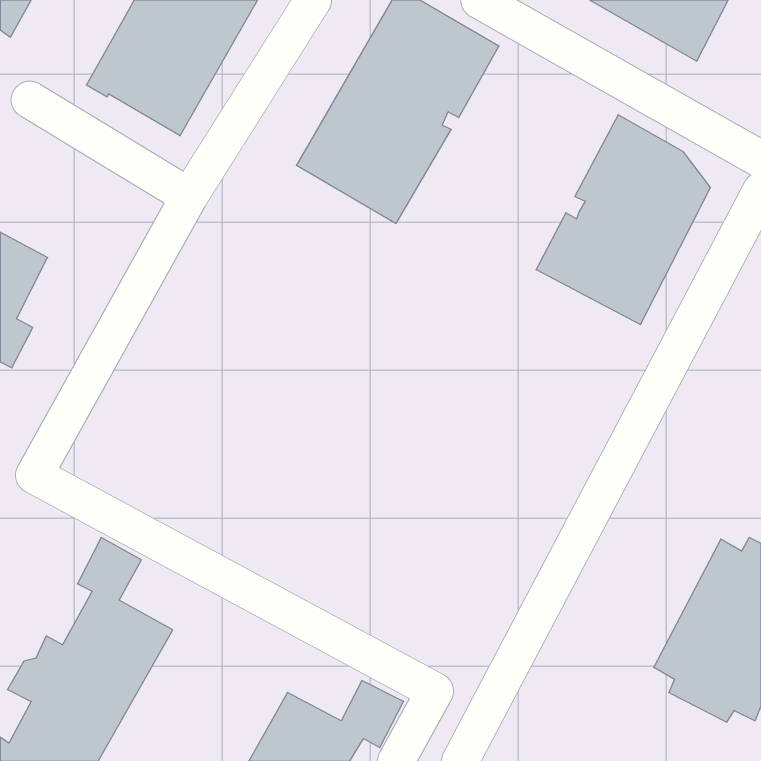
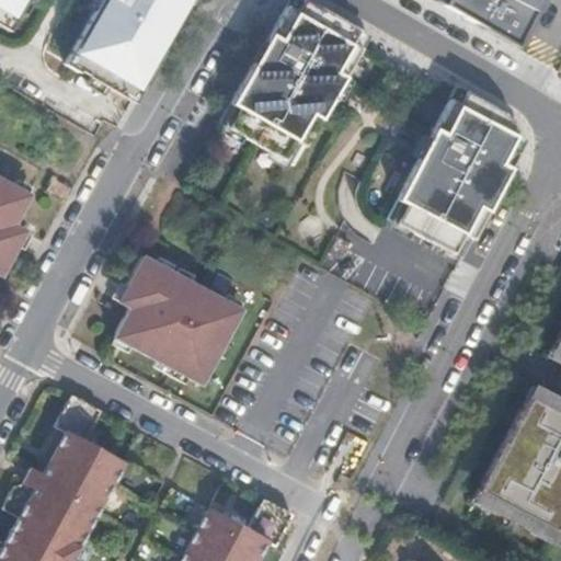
building: none -> [385,198,471,257]
building: none -> [122,251,250,381]

